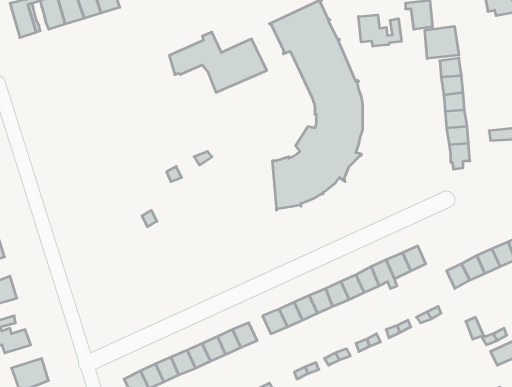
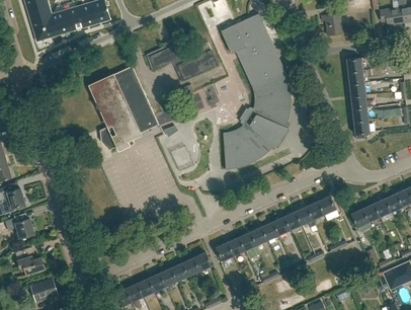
building: [358,15,401,46] -> none
building: [425,26,459,59] -> none
building: none -> [88,66,159,151]

